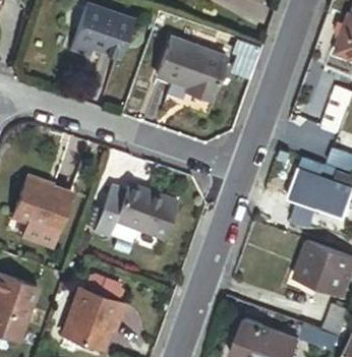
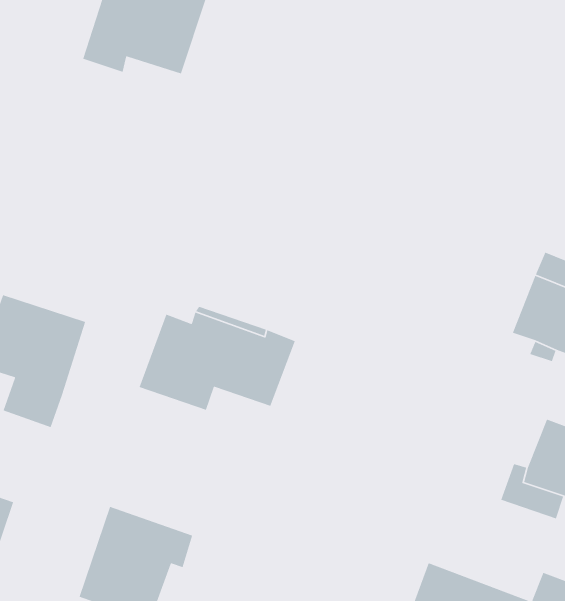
building: [158,40,227,102] -> none

